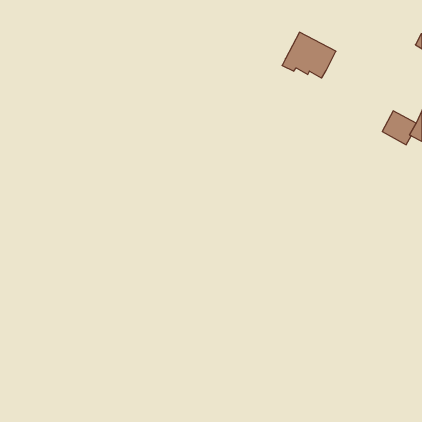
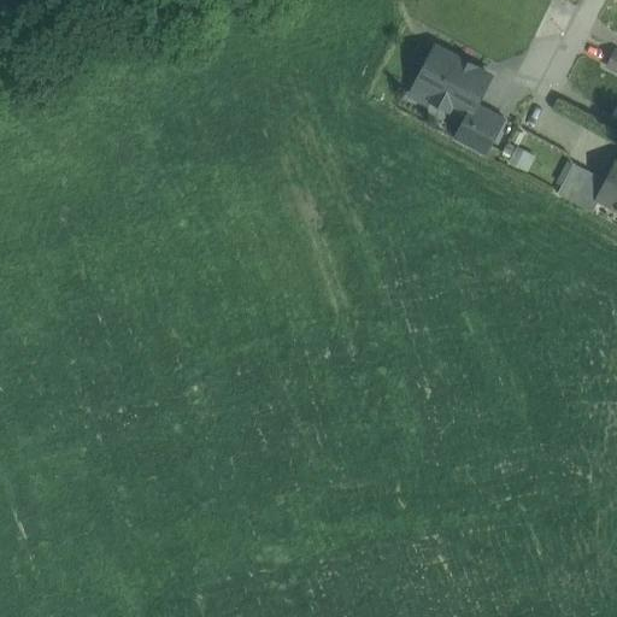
building: none -> [454,102,504,154]

